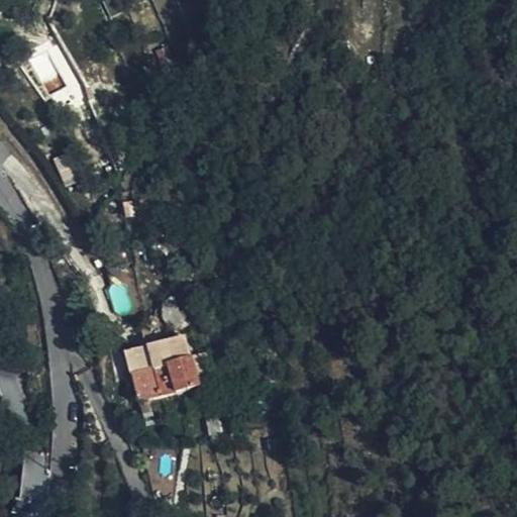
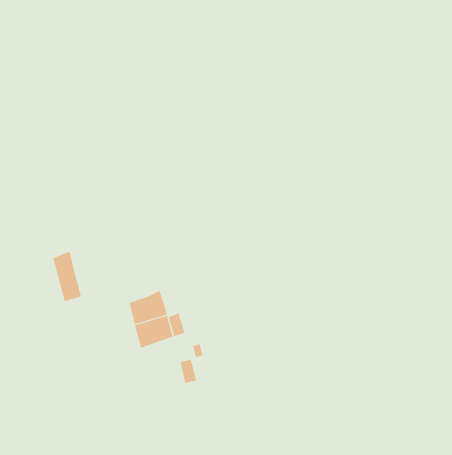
building: [125,344,159,402] -> [52,251,82,302]

